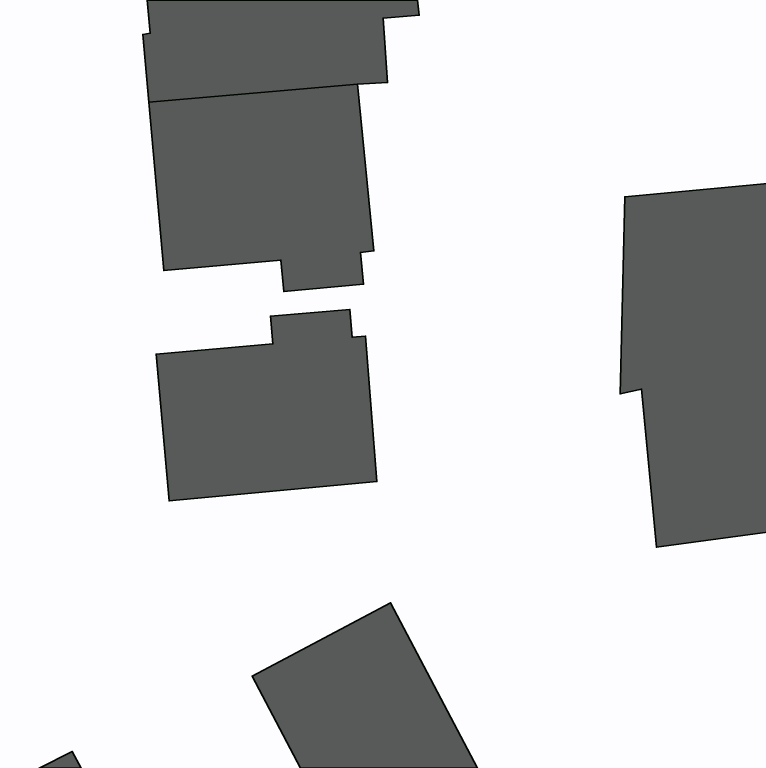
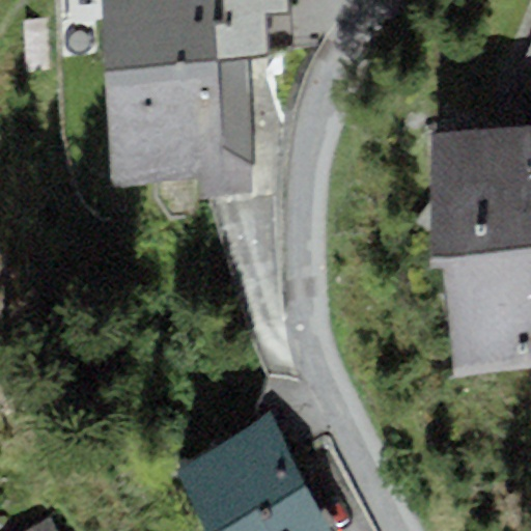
building: [156,310,377,501] -> none

